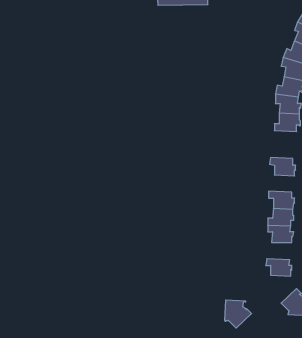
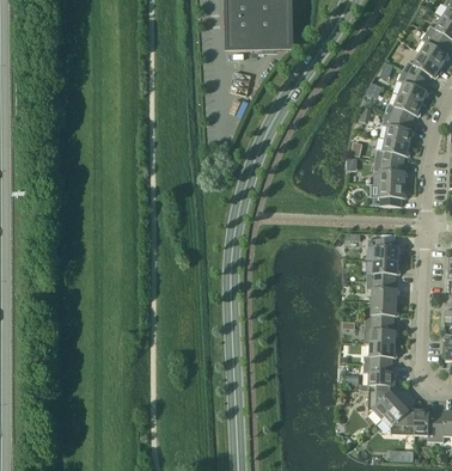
building: none -> [367,259,401,281]
building: none -> [365,343,397,365]
building: [225,300,252,328] -> [368,384,402,418]

